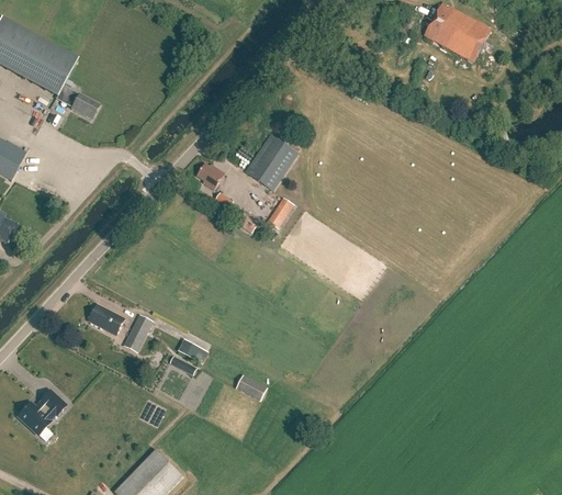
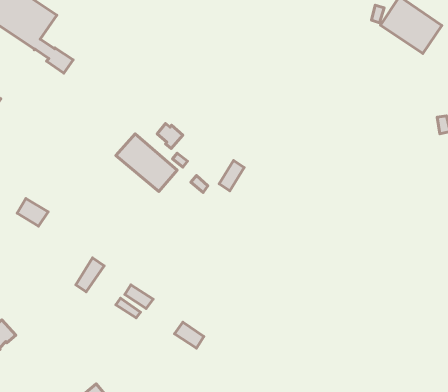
building: [245,134,297,190] -> none
building: none -> [116,134,177,192]
building: [89,304,122,333] -> [17,199,48,226]

